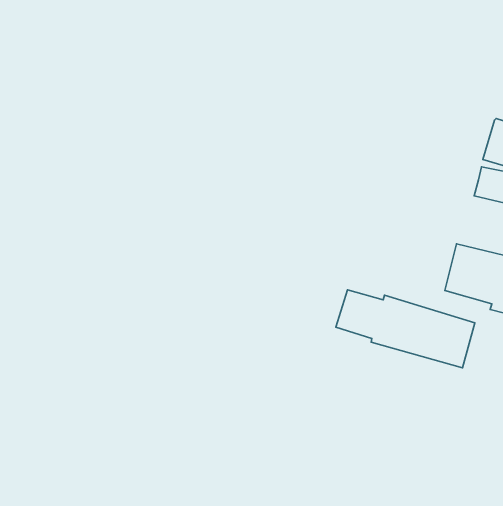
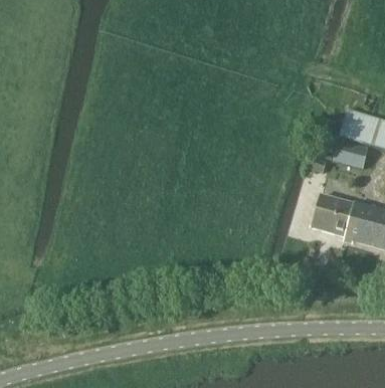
building: [336,290,475,368] -> none

